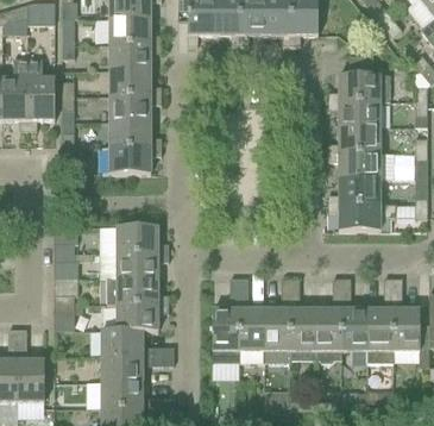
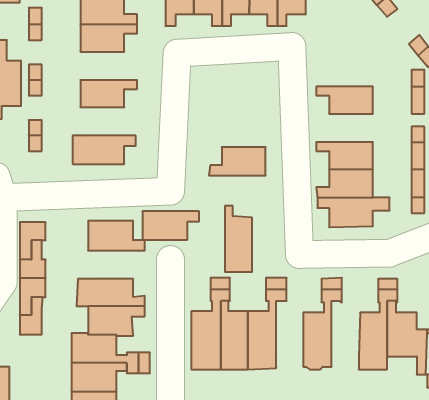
building: [109,69,162,95] -> none
building: [327,74,389,101] -> none
building: [109,120,162,146] -> none
building: [327,126,379,152] -> [209,147,266,176]
building: [117,252,169,278] -> [142,211,199,240]
building: [290,299,315,359] -> [225,206,252,272]
building: [341,299,367,350] -> none

